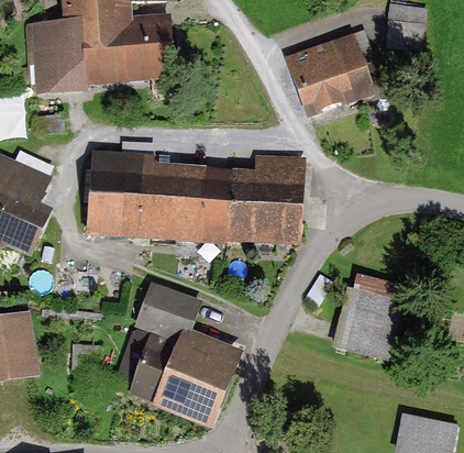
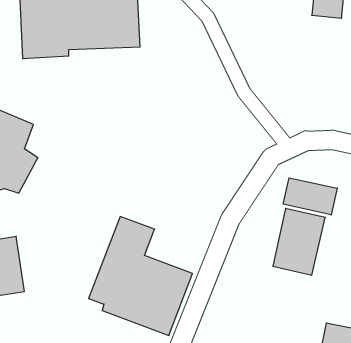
building: [287,34,375,121] -> none
building: [87,148,296,236] -> none
building: none -> [283,178,337,215]

